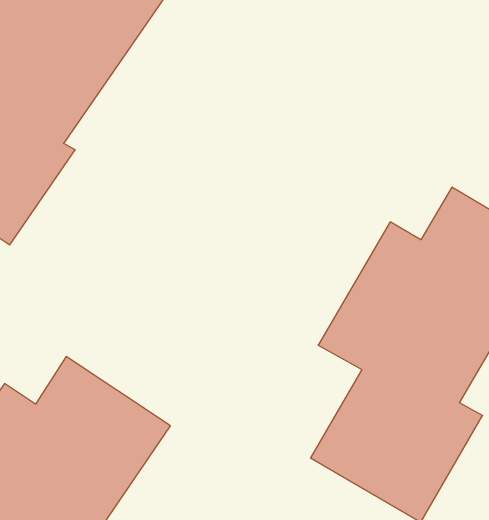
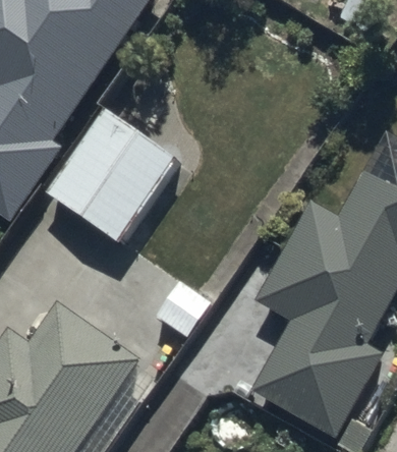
building: none -> [47,110,177,243]

